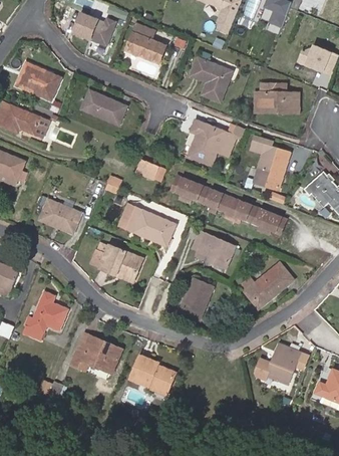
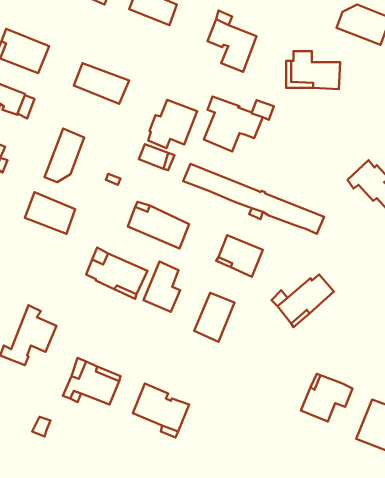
building: none -> [148,100,197,148]
building: [251,135,290,188] -> none
building: none -> [44,129,84,182]
building: none -> [144,262,180,312]

